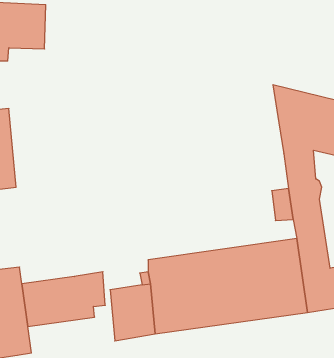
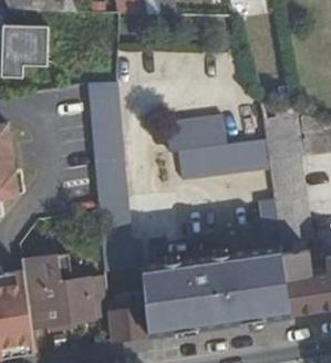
building: none -> [87,83,134,271]
building: none -> [168,113,269,175]
building: none -> [22,257,74,288]

